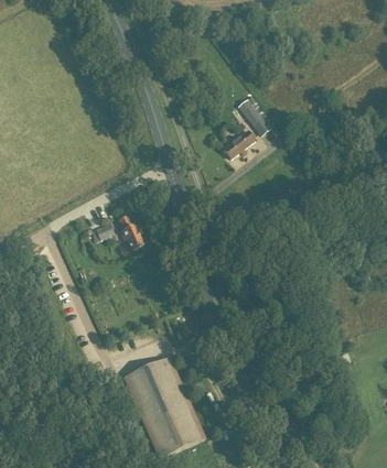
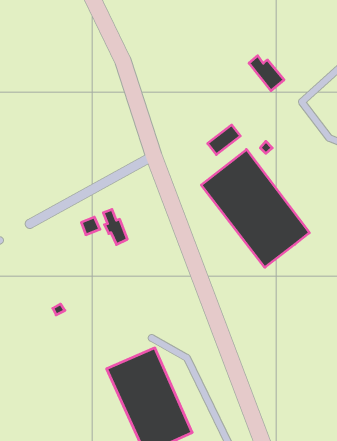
building: [237,100,272,135] -> [249,56,284,91]
building: none -> [201,149,309,267]

